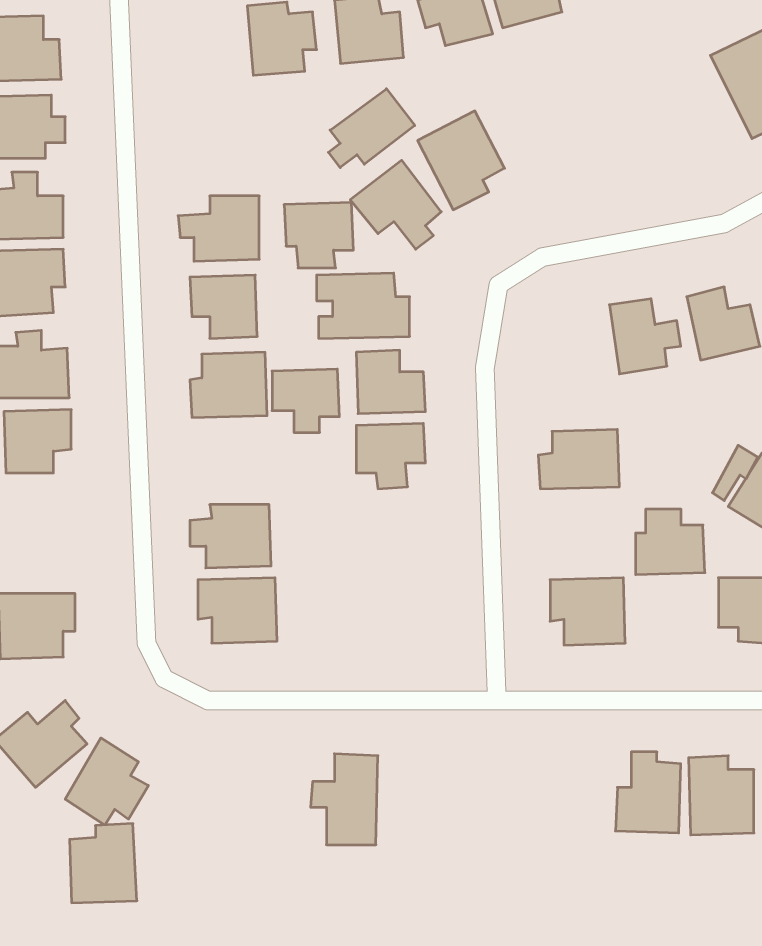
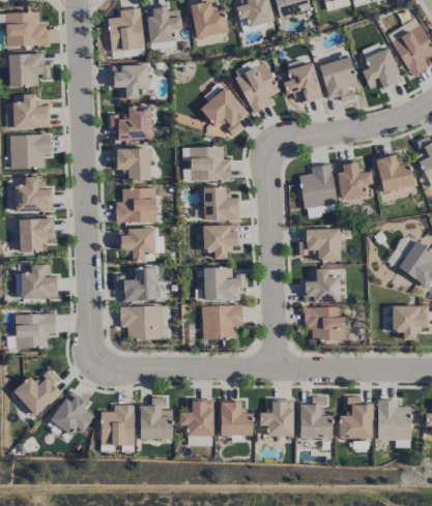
building: none -> [109,8,144,50]
building: none -> [362,47,403,89]
building: [328,89,415,168] -> none
building: none -> [320,57,357,100]
building: none -> [283,62,322,102]
building: [284,203,353,268] -> [113,64,149,98]
building: none -> [299,163,337,207]
building: [272,369,339,432] -> [120,228,155,261]
building: none -> [22,264,58,299]
building: none -> [203,266,246,300]
building: [636,509,705,575] -> [305,268,341,302]
building: none -> [202,304,243,338]
building: none -> [299,395,334,438]
building: none -> [140,396,173,439]
building: none -> [259,398,294,436]
building: none -> [221,400,254,436]
building: [70,824,137,903] -> [100,404,136,445]

